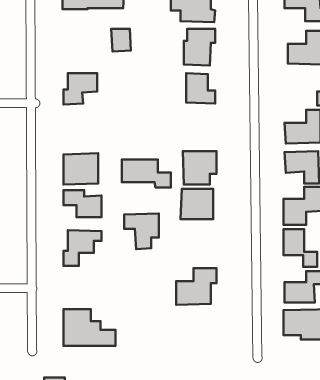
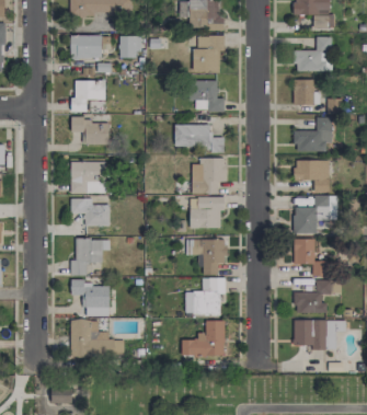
building: none -> [70,35,102,58]
building: none -> [294,79,314,104]
building: none -> [71,116,110,145]
building: [122,159,171,188] -> [174,124,223,152]
building: [124,214,159,249] -> [192,239,227,275]
building: none -> [71,283,111,315]
building: none -> [182,320,225,355]

